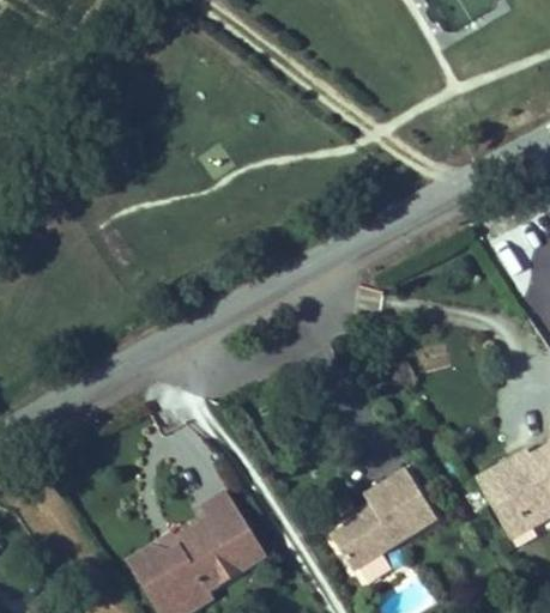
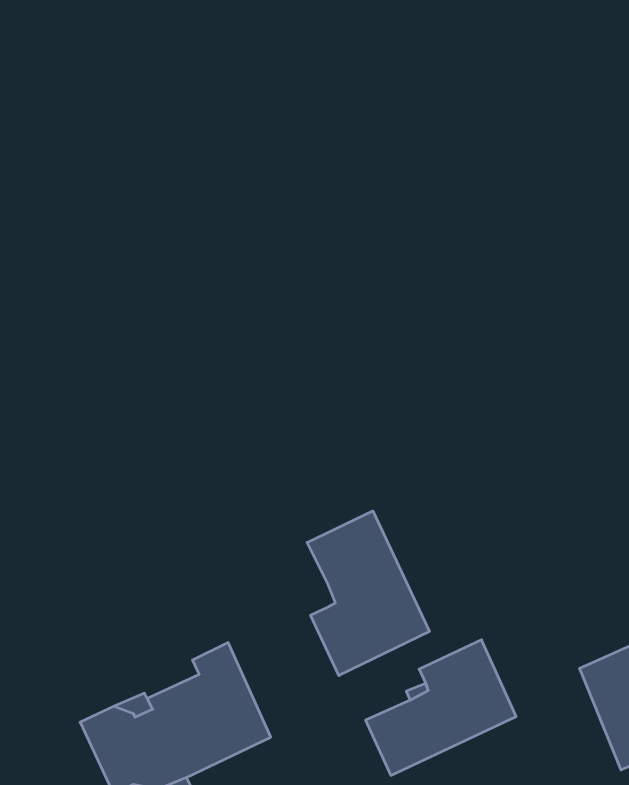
building: none -> [307,511,429,676]

